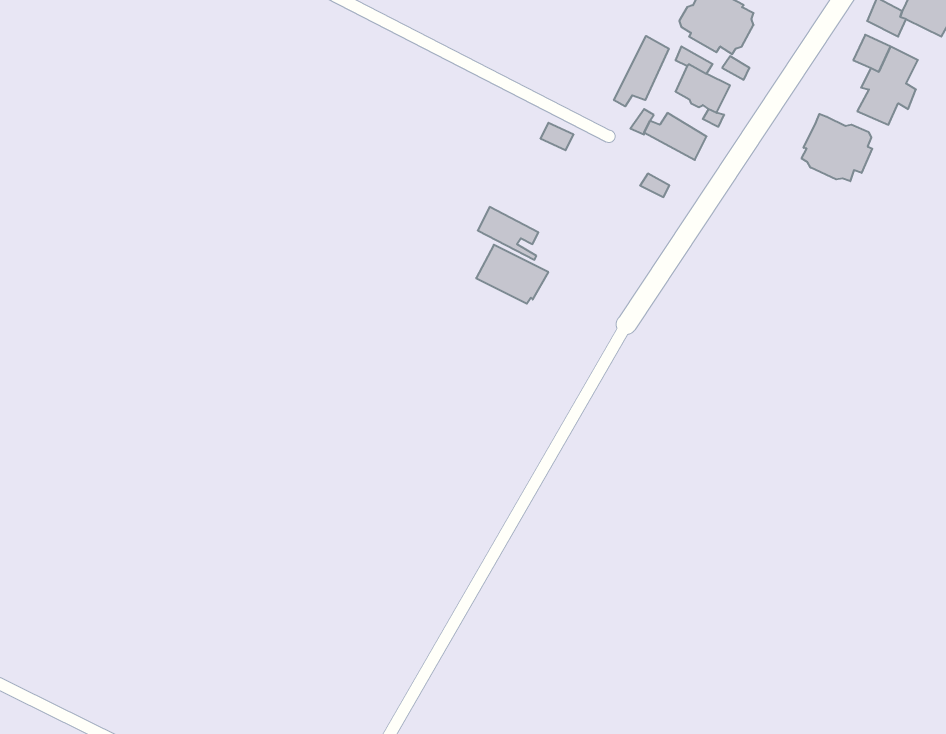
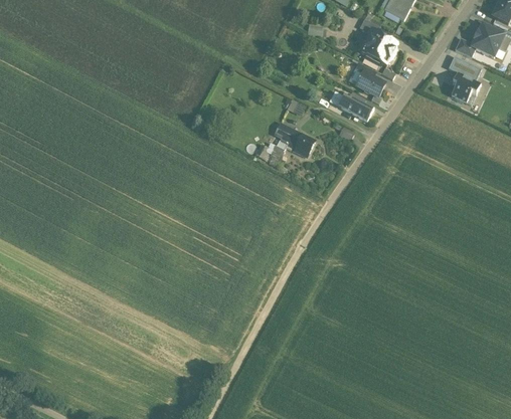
building: [614,36,669,106] -> none
building: [802,114,872,181] -> none
building: [476,245,548,304] -> [278,126,315,156]

